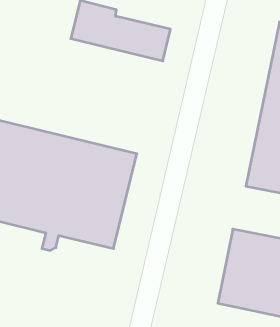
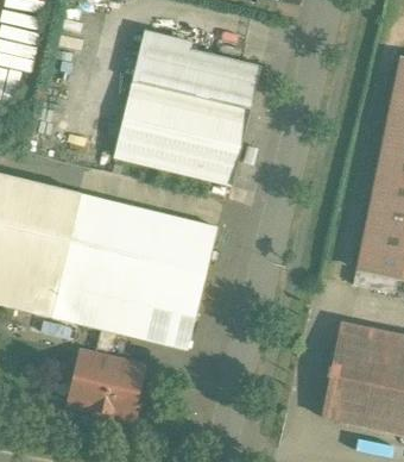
building: none -> [114,79,251,185]
building: none -> [75,351,143,416]

